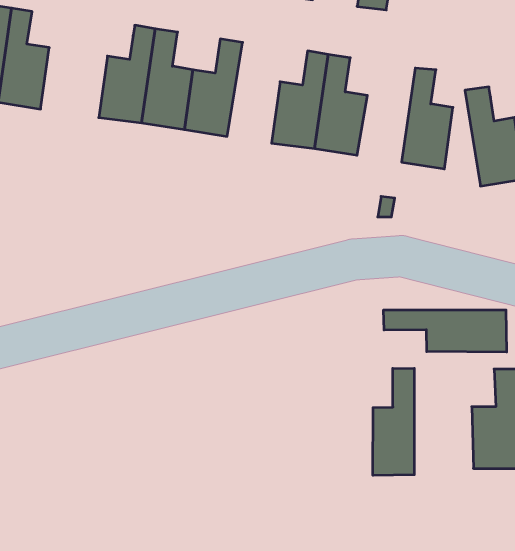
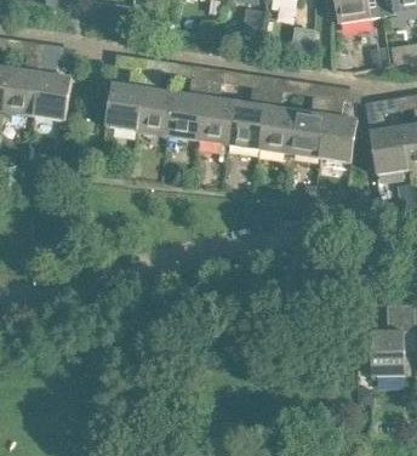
building: none -> [196,74,234,146]
building: none -> [289,90,330,159]
building: [384,310,507,352] -> none
building: [373,368,414,475] -> none

